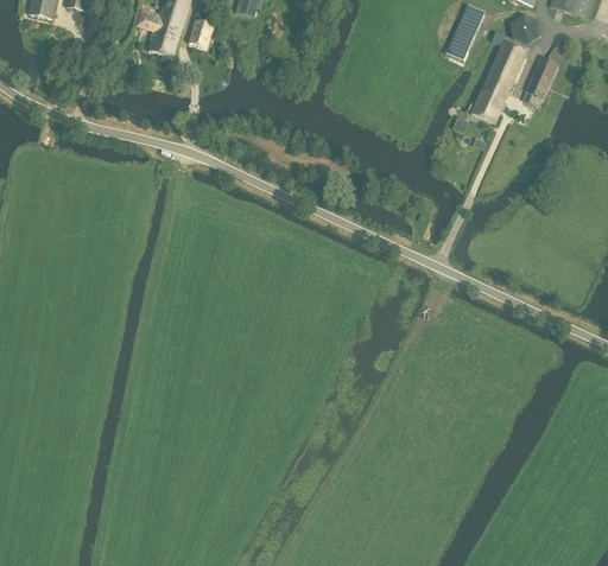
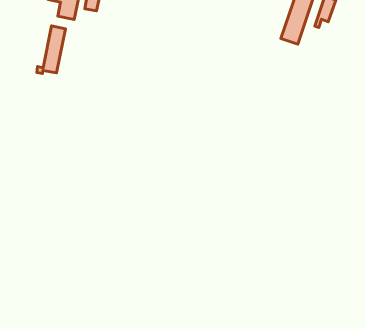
building: none -> [37,26,66,73]

